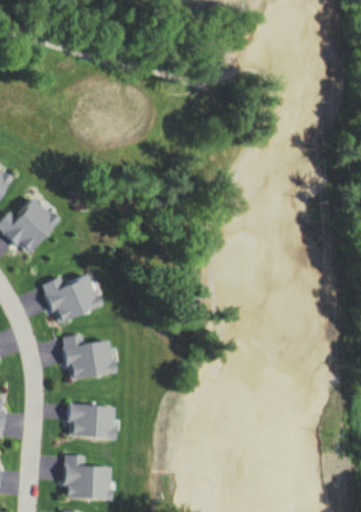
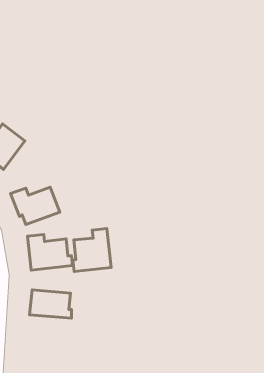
building: none -> [73,229,111,271]
building: [60,453,111,500] -> none

